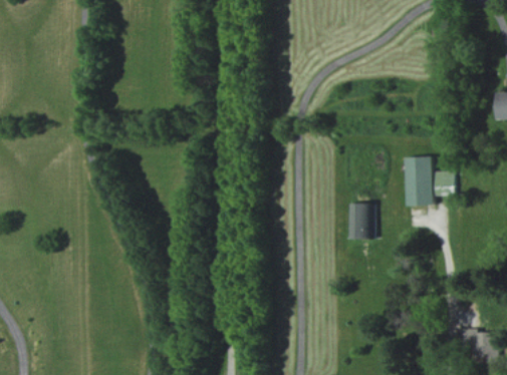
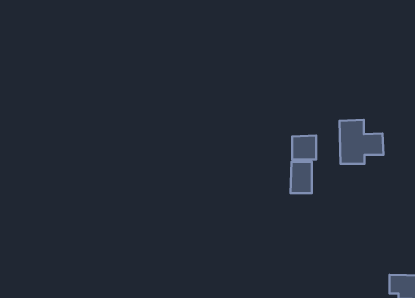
building: none -> [292,136,316,160]

